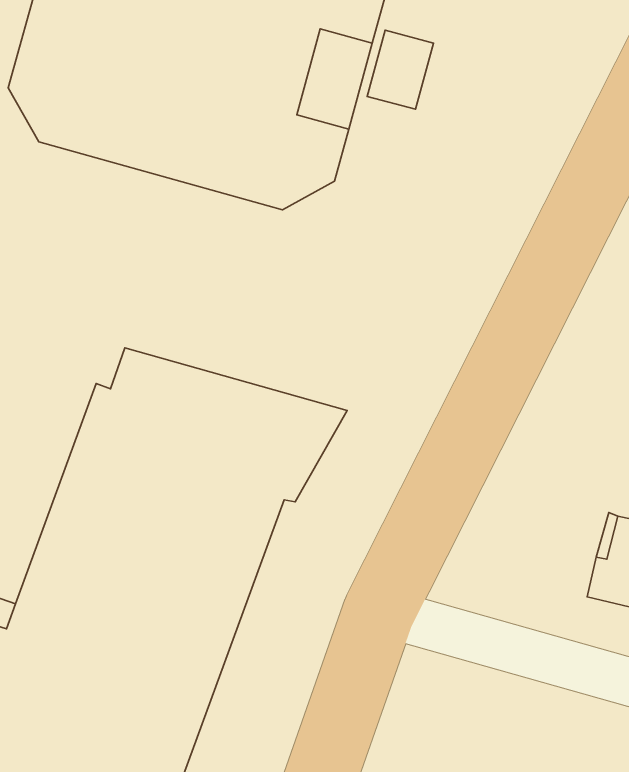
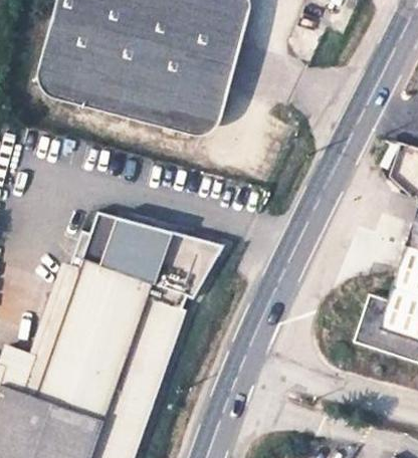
building: [367,30,434,109] -> none

